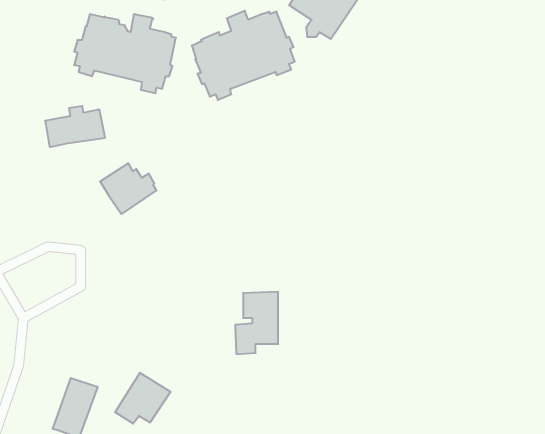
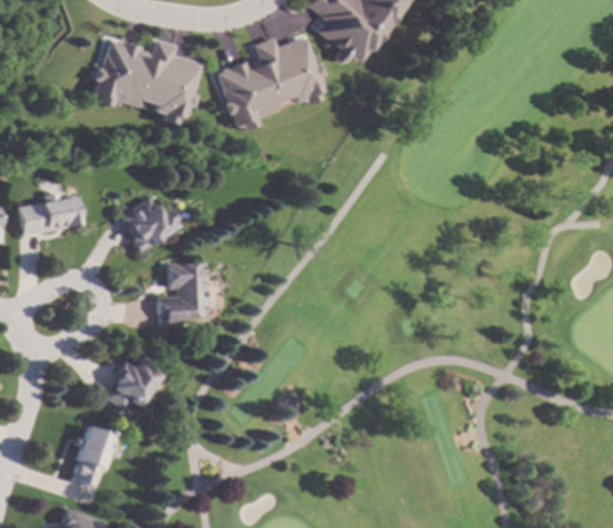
building: [45,106,105,147] -> [19,192,83,235]
building: [235,292,278,354] -> [159,262,205,328]
building: [115,373,171,424] -> [104,356,163,409]

